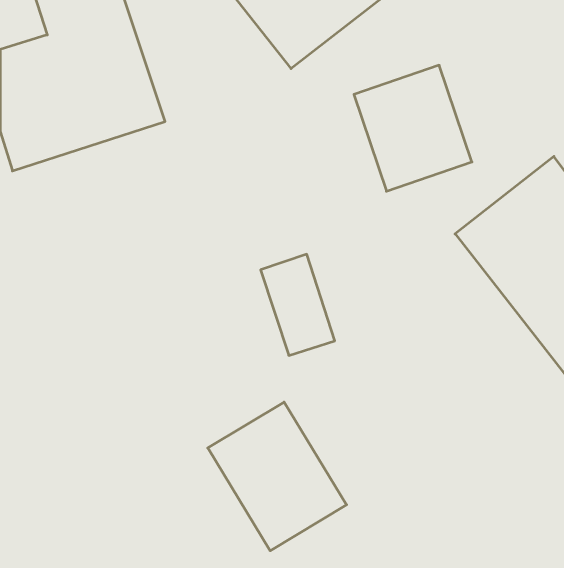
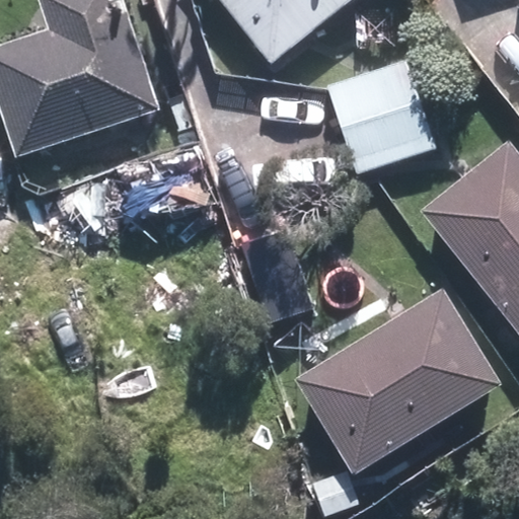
building: none -> [294,290,502,475]
building: [208,402,347,551] -> none

